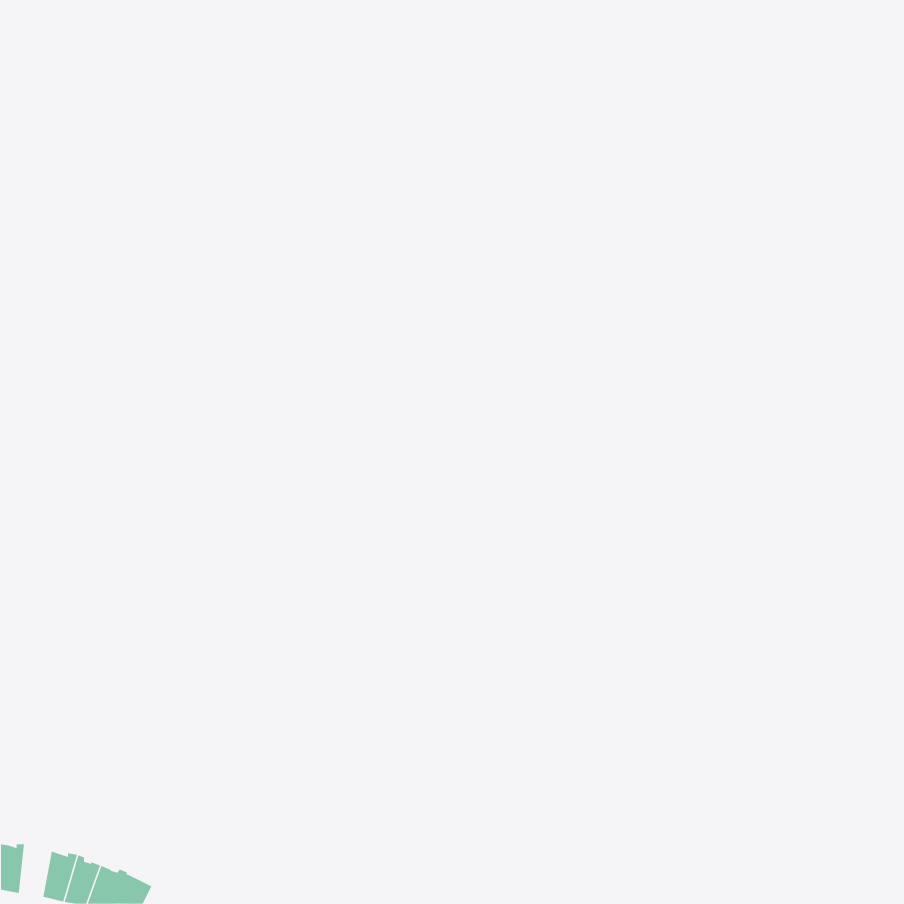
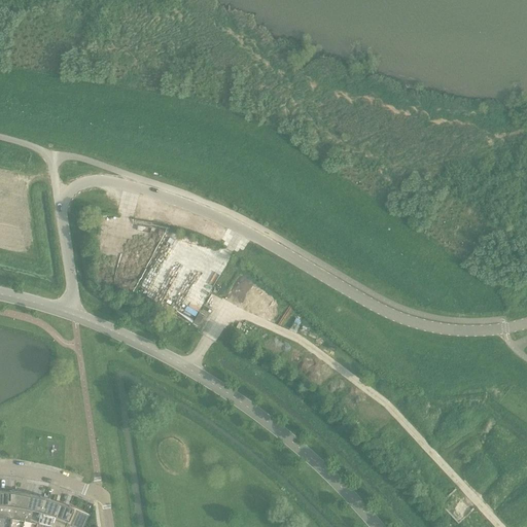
building: none -> [11,491,30,522]

